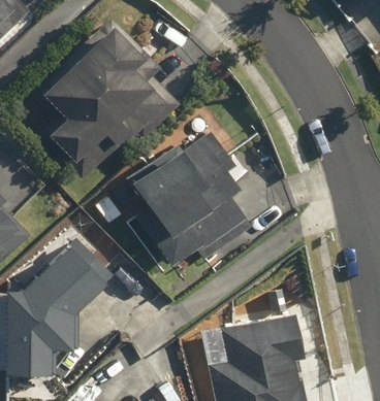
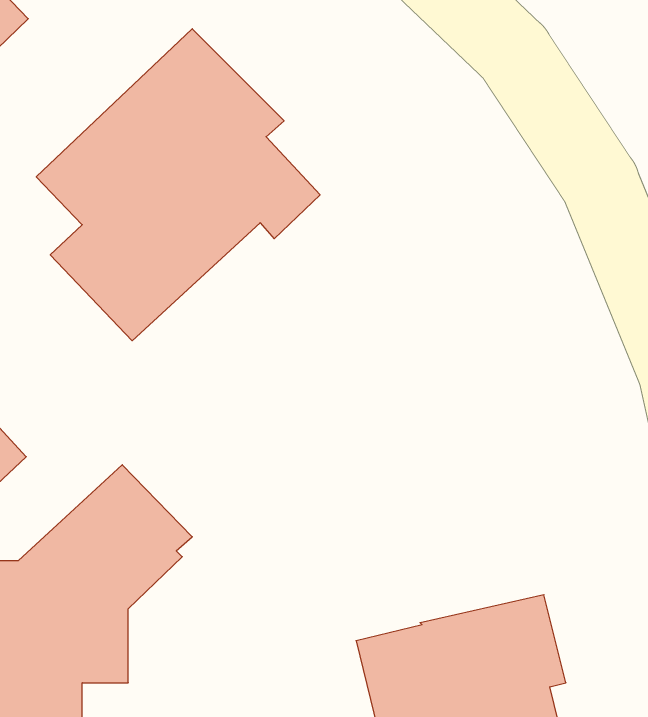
building: [128,128,250,264] -> none

